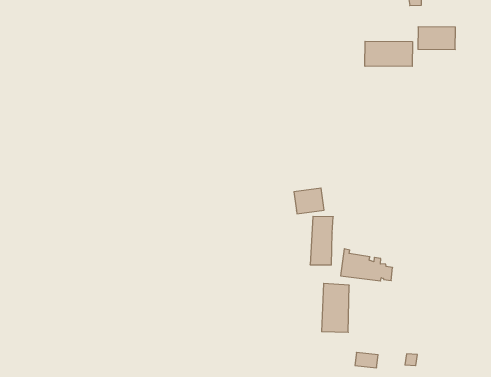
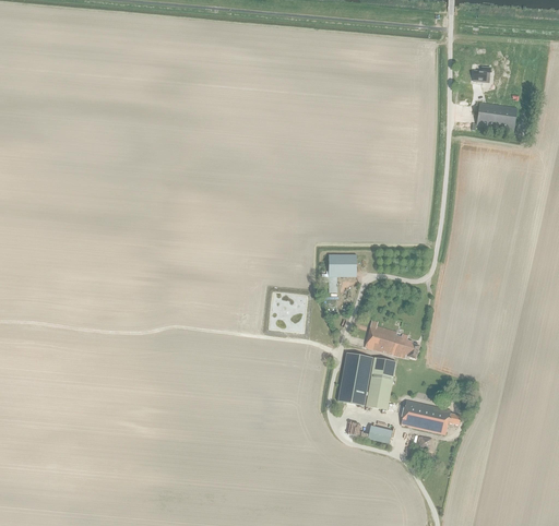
building: [365,41,412,66] -> none
building: [310,216,333,265] -> [365,357,395,409]
building: none -> [400,399,460,433]

